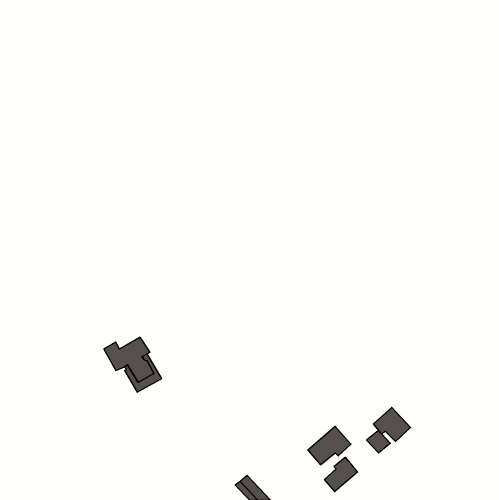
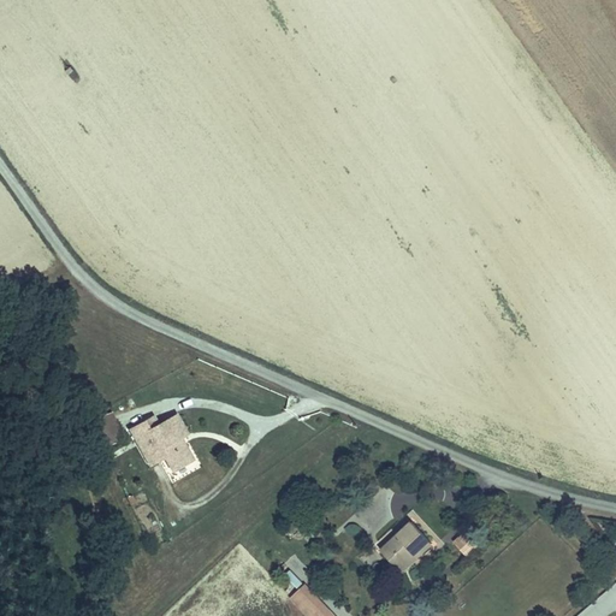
building: [373,407,411,441] -> none
building: [325,457,358,492] -> none

